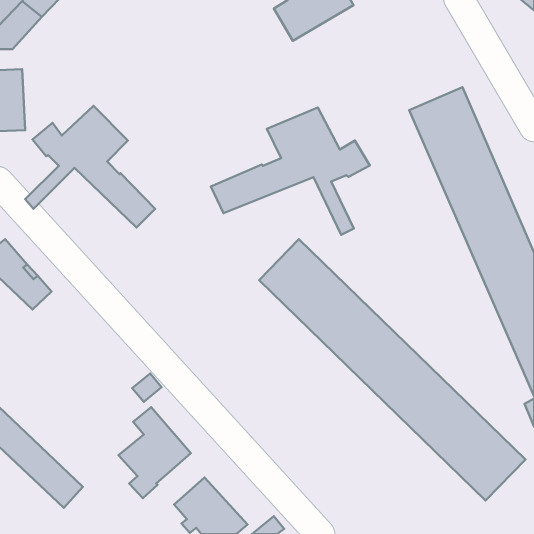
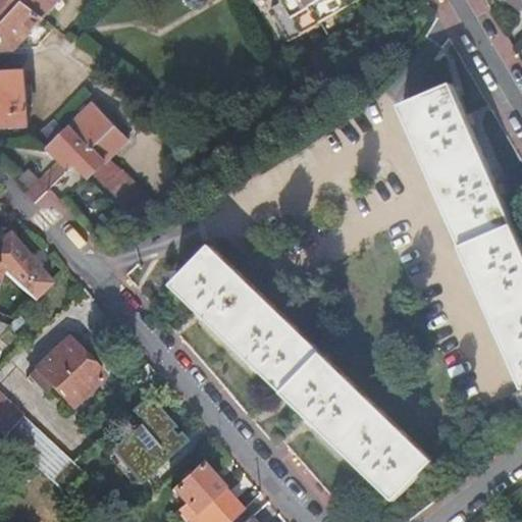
building: [211,108,370,235] -> none
building: [259,239,525,500] -> [171,246,430,500]
building: none -> [33,340,101,408]

